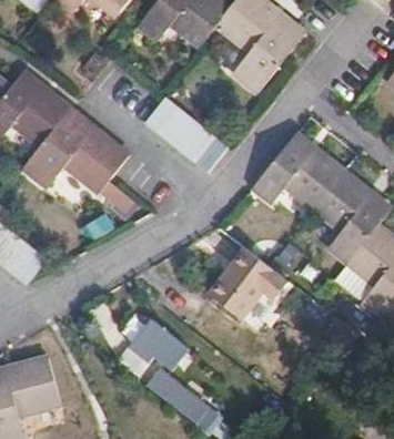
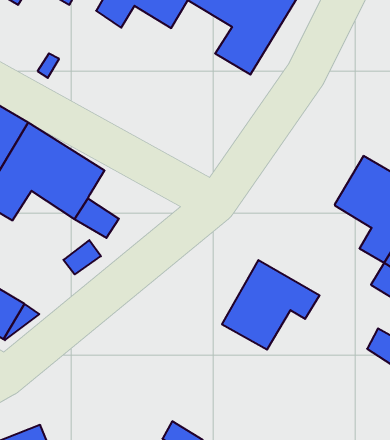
building: [145,95,229,171] -> none
building: [252,134,342,208] -> none
building: [132,321,185,367] -> none

